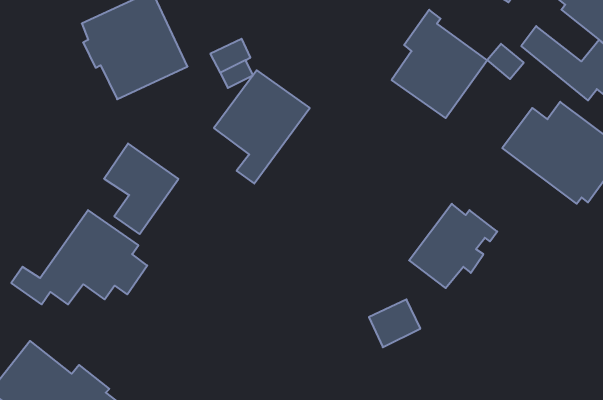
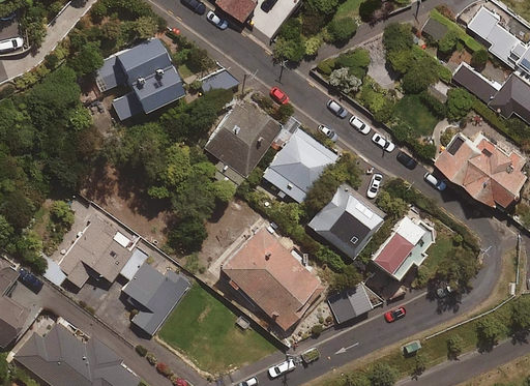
building: [392,10,487,118] -> [263,119,342,208]
building: [104,143,178,234] -> [126,264,187,338]
building: none -> [306,180,382,256]
building: none -> [217,222,325,329]

